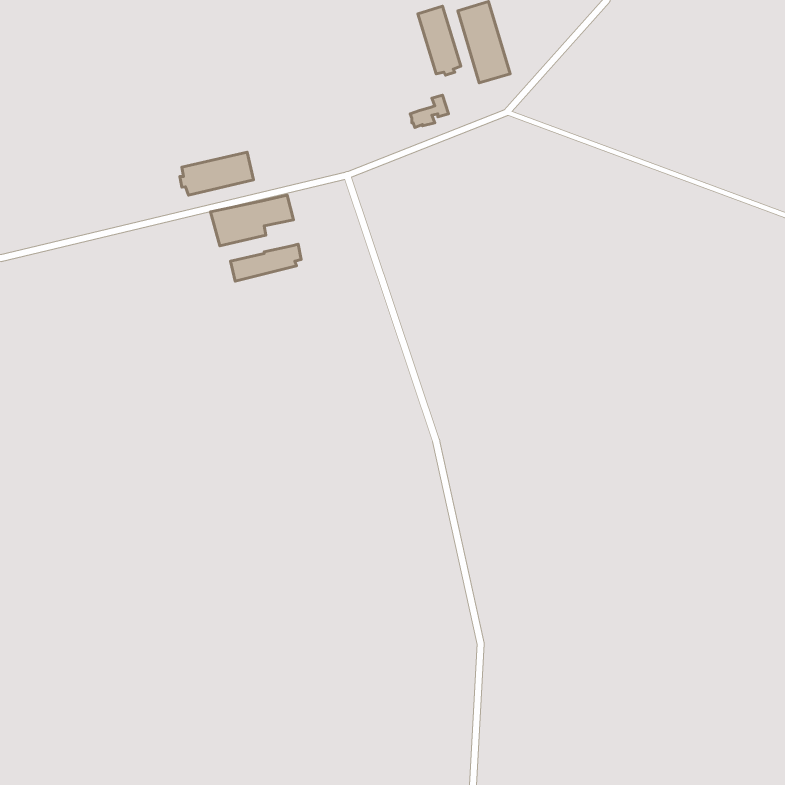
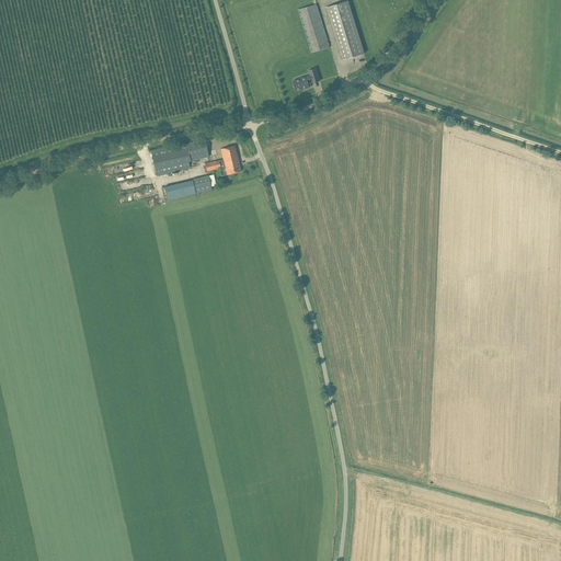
building: [180,152,254,195] -> none
building: none -> [205,146,241,175]

